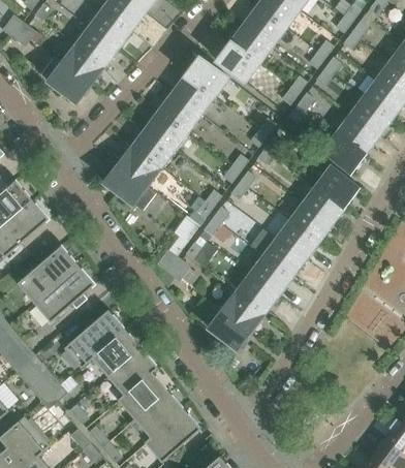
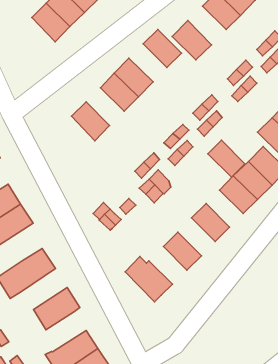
building: [229,25,272,65] -> none
building: [48,63,90,103] -> none
building: [172,74,214,114] -> none
building: [132,128,175,167] -> none
building: [104,163,155,211] -> none
building: [277,220,318,258] -> [208,140,245,177]
building: [251,254,292,293] -> none
building: [224,289,267,329] -> none
building: [92,330,141,377] -> none
building: [117,373,167,419] -> none

